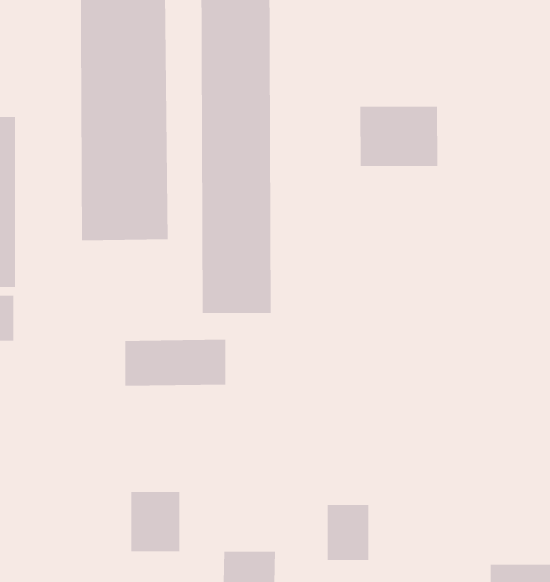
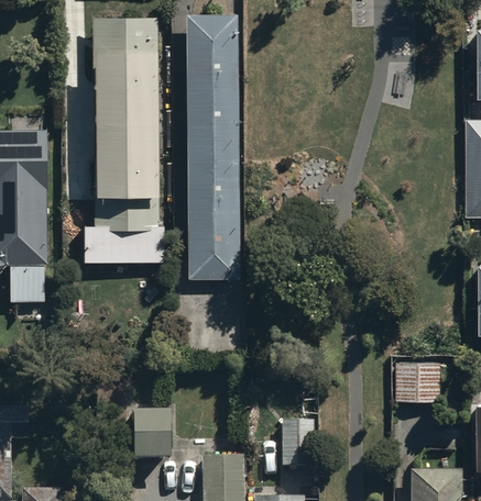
building: [360,106,438,167] -> none
building: [125,339,226,387] -> [85,224,162,260]
building: none -> [394,361,438,403]

